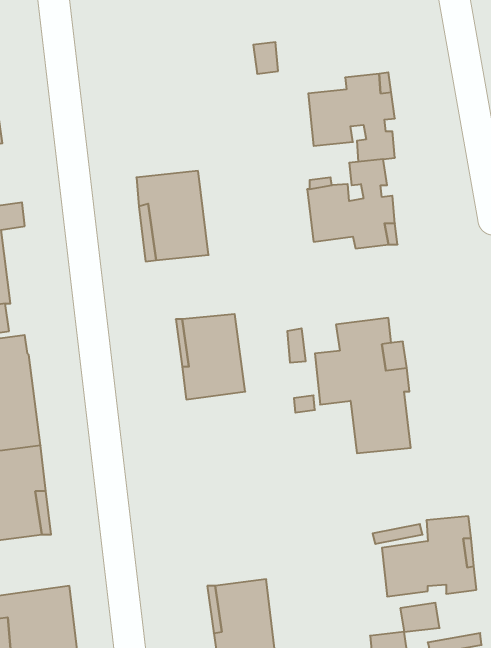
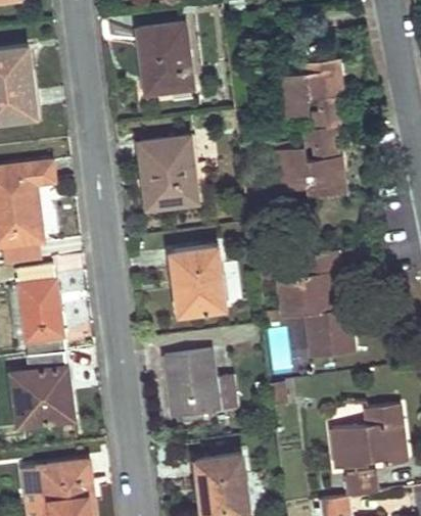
building: none -> [139,25,192,93]
building: none -> [162,351,237,425]

